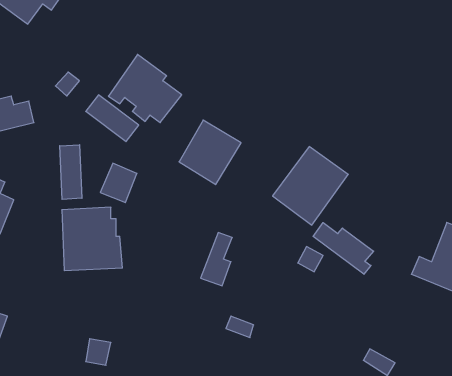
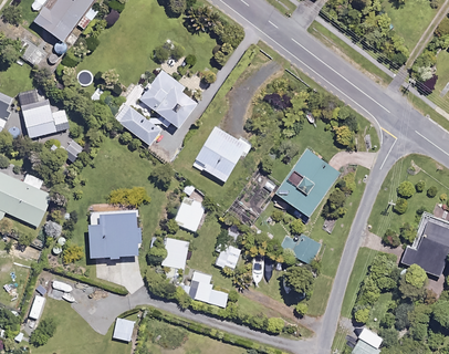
building: [60,145,82,199] -> none
building: [100,163,137,203] -> [173,196,205,230]
building: [313,223,374,274] -> none
building: none -> [161,237,188,268]
building: none -> [190,270,228,306]

